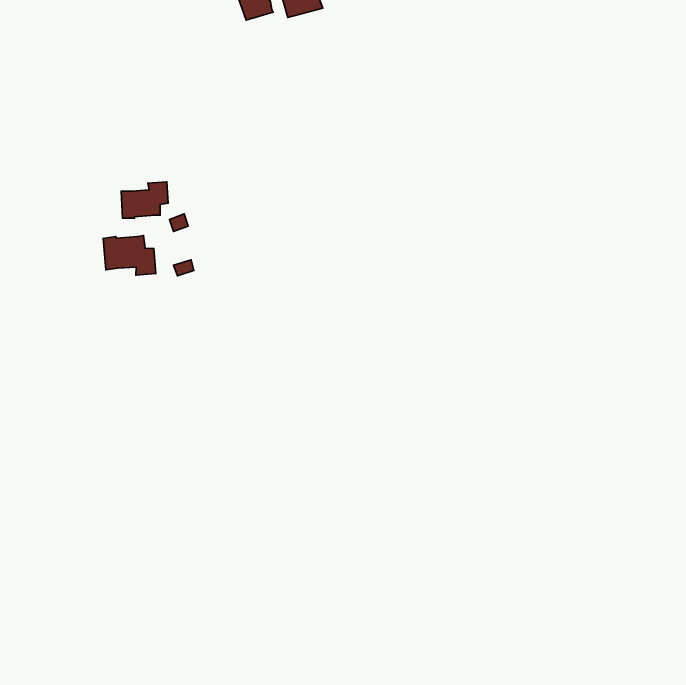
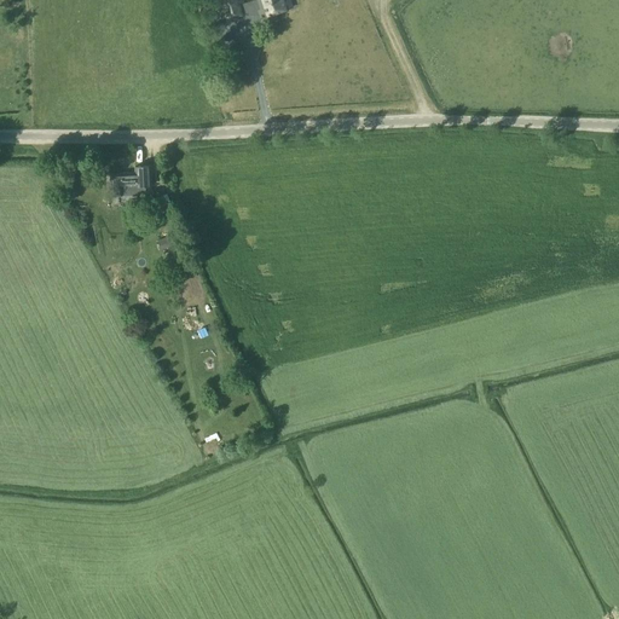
building: [103,236,156,275] -> none

